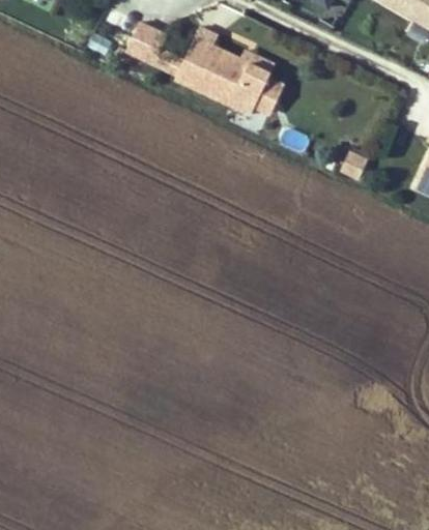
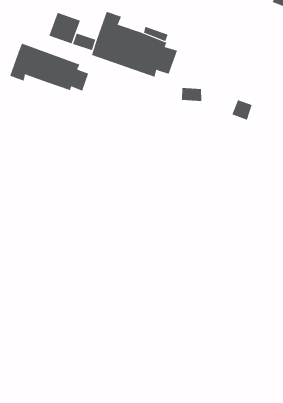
building: none -> [10,43,89,92]

